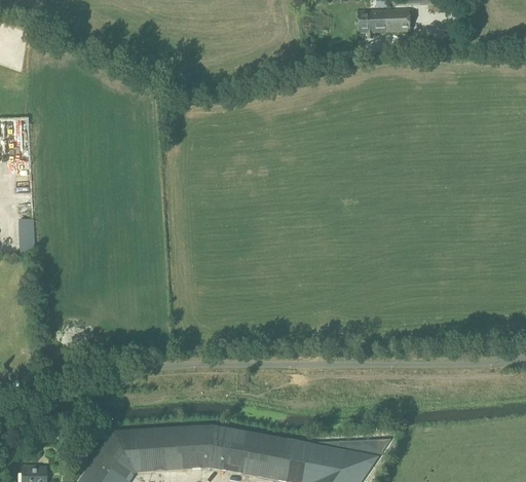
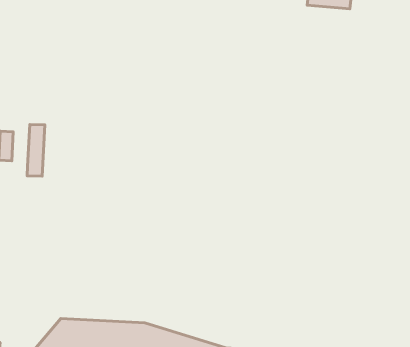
building: none -> [27,124,45,176]

